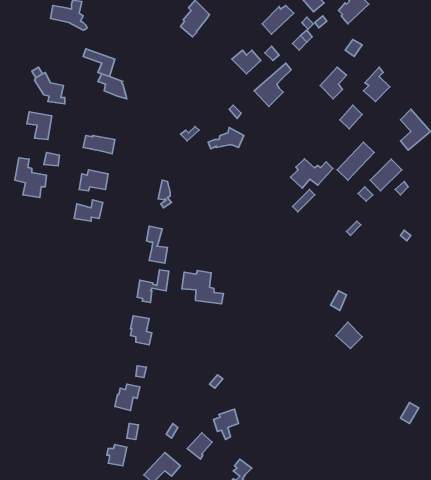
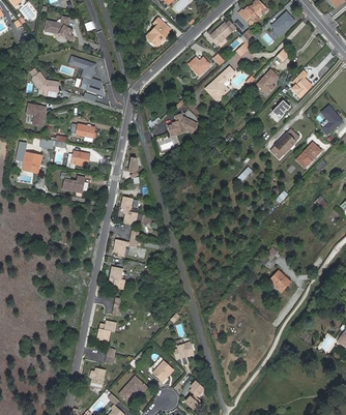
building: [291,159,333,188] -> none
building: [182,271,223,304] -> none

